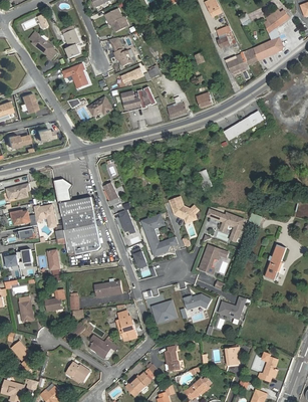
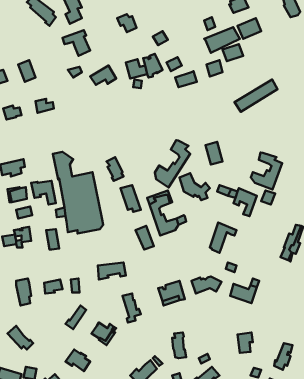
building: [241,41,274,65] -> [204,27,240,53]
building: none -> [155,140,190,187]
building: none -> [251,152,282,189]

